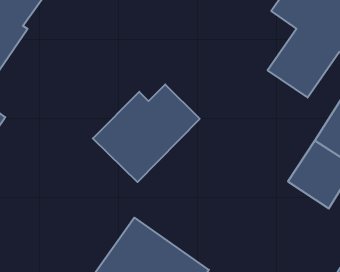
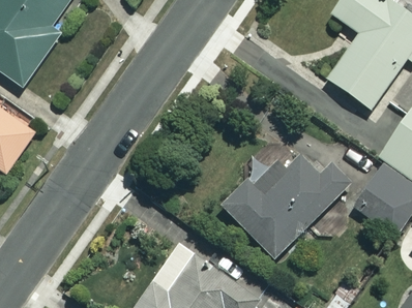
building: [93,84,200,182] -> [225,149,344,257]

